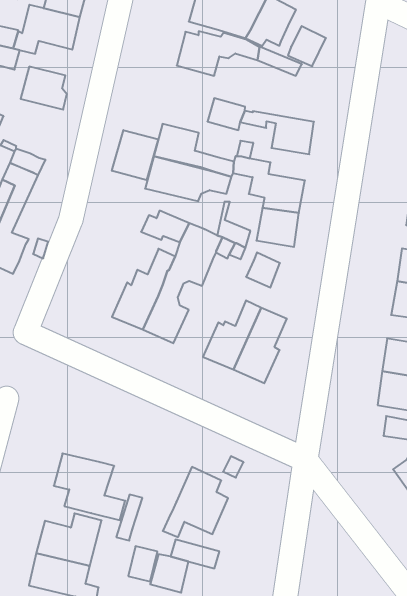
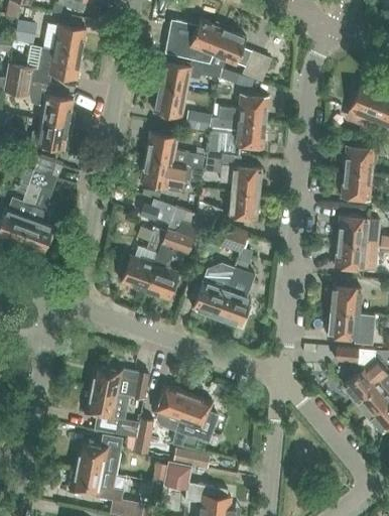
building: none -> [152,87,186,118]
building: none -> [212,94,268,123]
building: none -> [34,120,73,150]
building: [112,130,158,180] -> none
building: none -> [89,364,148,399]
building: none -> [154,384,188,430]

